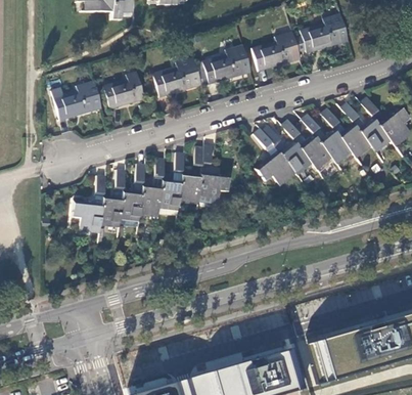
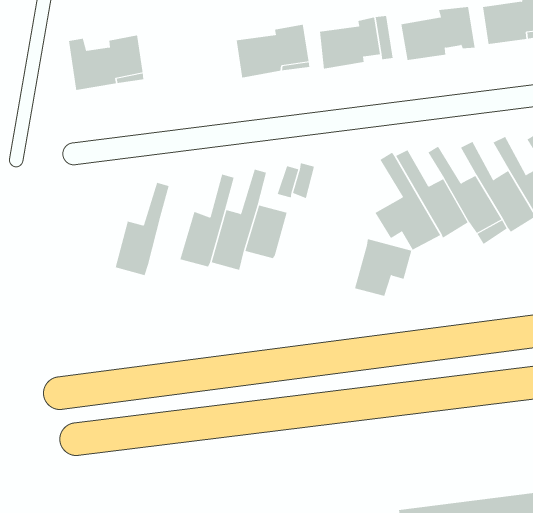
building: [104,73,143,108] -> none
building: [122,163,146,222] -> none
building: [198,171,230,205] -> [354,238,412,297]
building: [73,174,106,233] -> none

